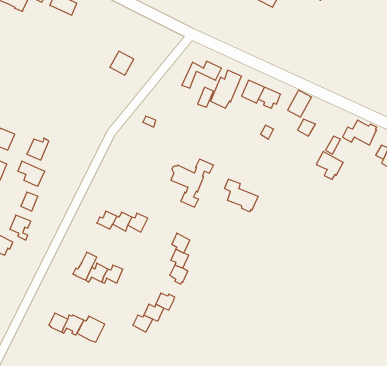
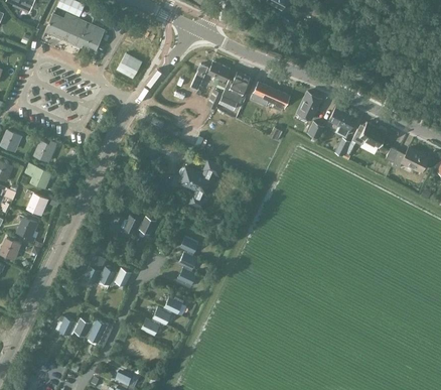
building: none -> [46,13,104,48]
building: [316,151,343,179] -> [329,107,356,135]
building: [225,179,258,212] -> none

